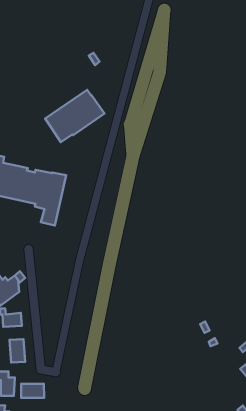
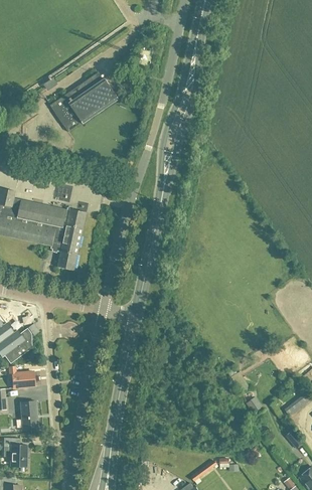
building: [45,90,105,142] -> [49,71,118,132]
building: [21,384,44,398] -> none

